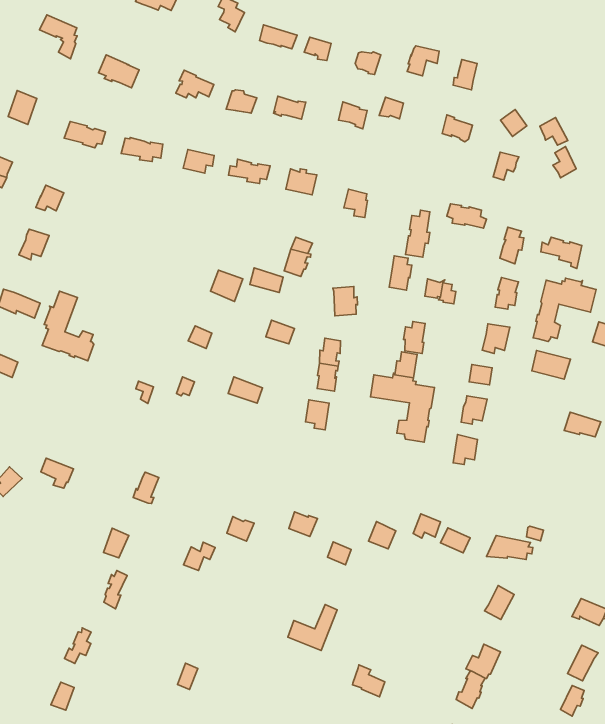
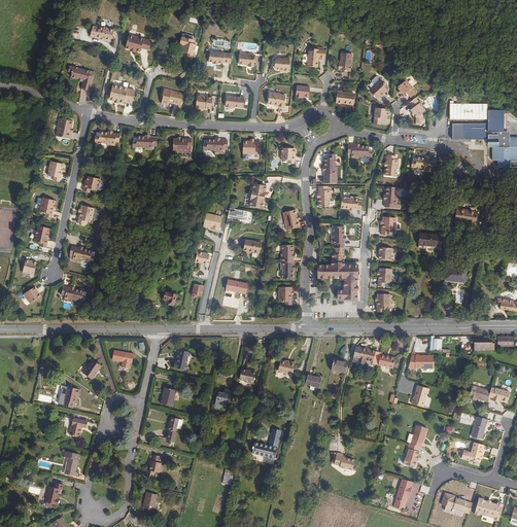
building: [533,278,596,341] -> none
building: [42,291,94,361] -> none
building: [288,605,337,651] -> [251,429,280,459]

